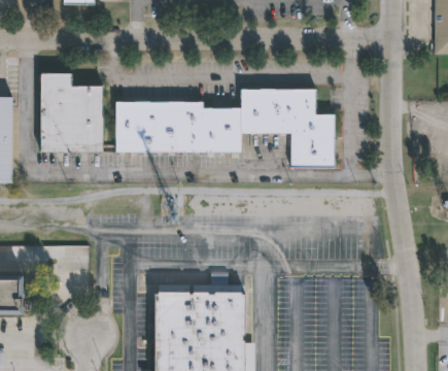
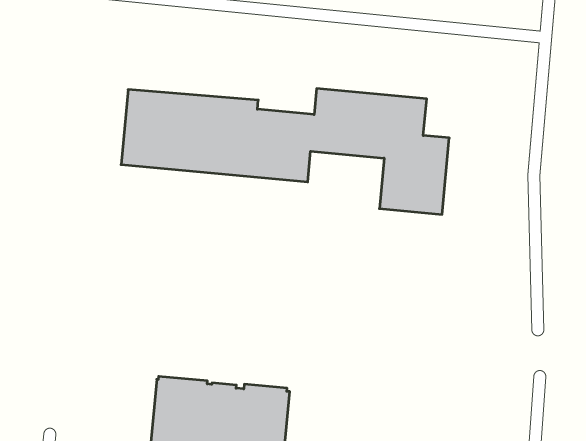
building: [40,72,103,151] -> none

